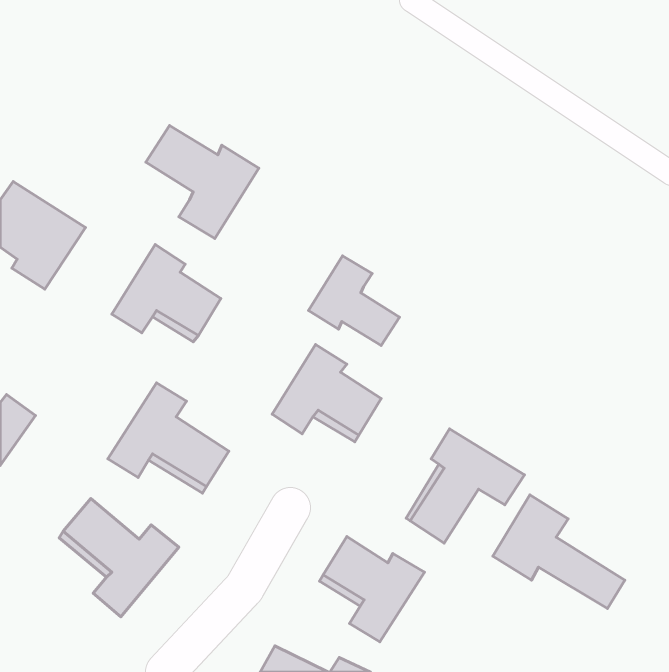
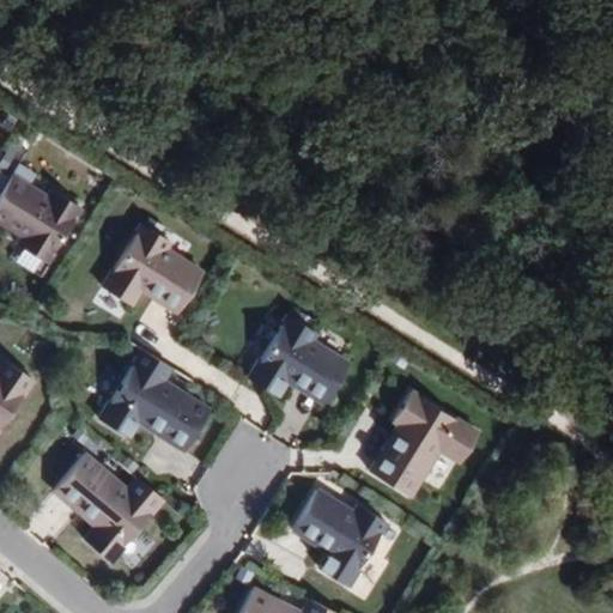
building: [146,125,259,239] -> none
building: [308,256,400,346] -> none
building: [493,495,625,608] -> none

